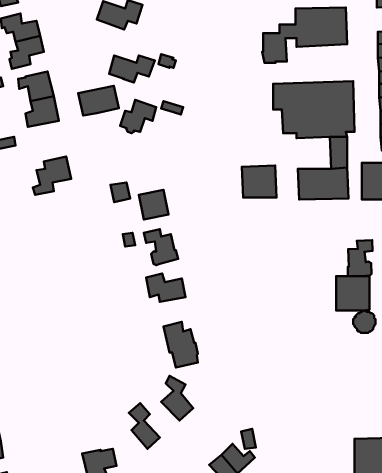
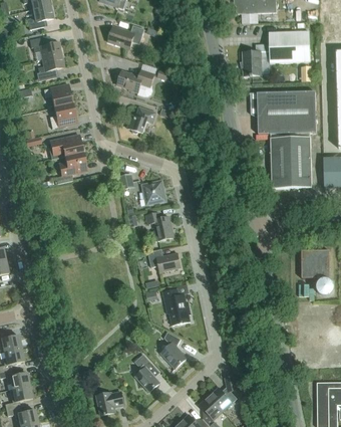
building: [78,86,119,115] -> [49,134,82,158]
building: [242,165,276,198] -> [270,136,298,162]
building: [348,240,373,276] -> none

